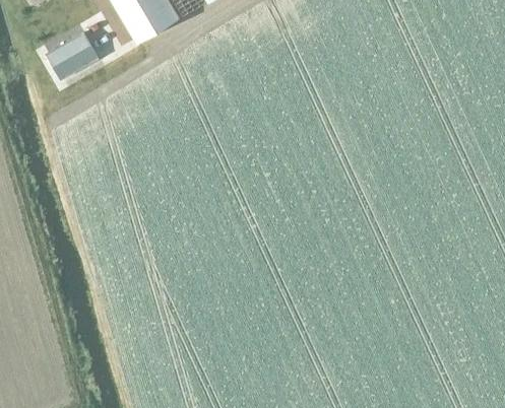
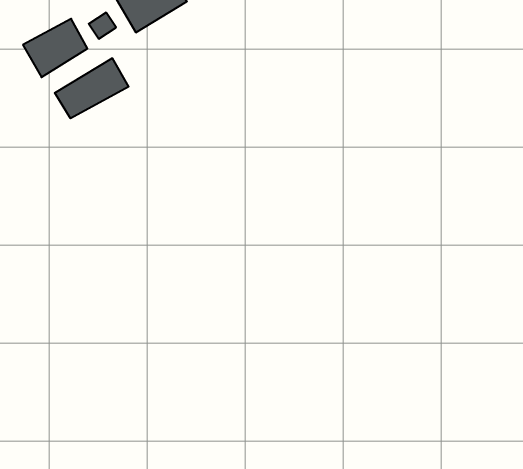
building: none -> [55,58,129,118]

